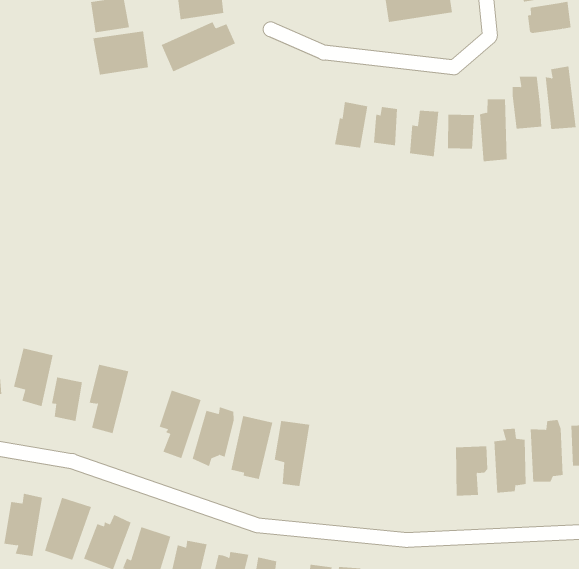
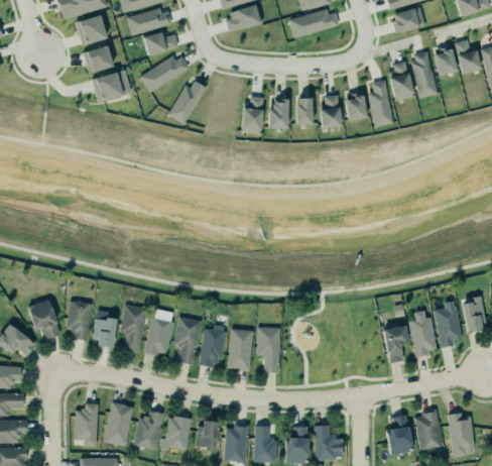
building: none -> [165,79,208,126]
building: none -> [243,97,264,133]
building: none -> [146,309,175,357]

